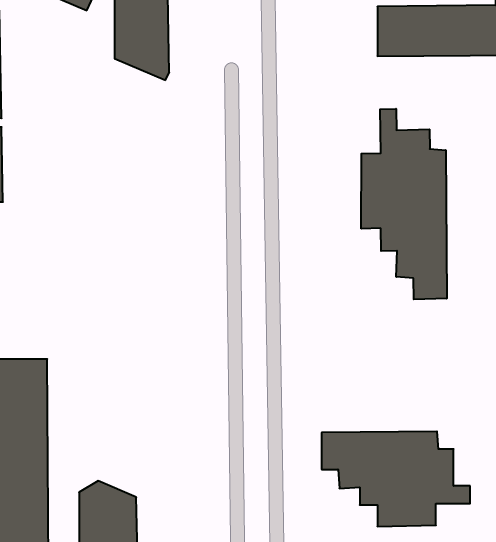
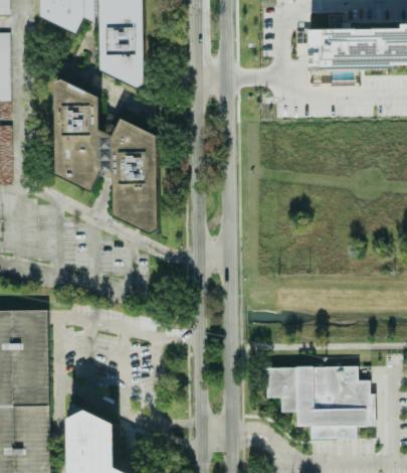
building: none -> [55,80,157,230]
building: [361,109,447,299] -> none

